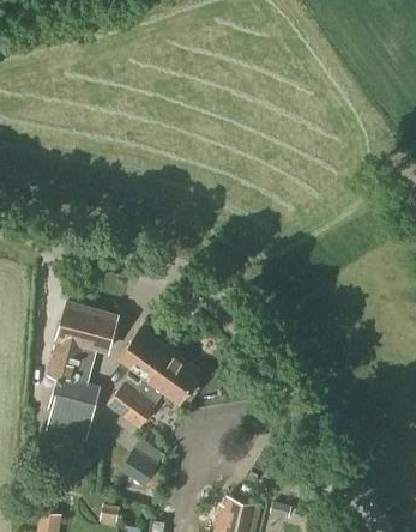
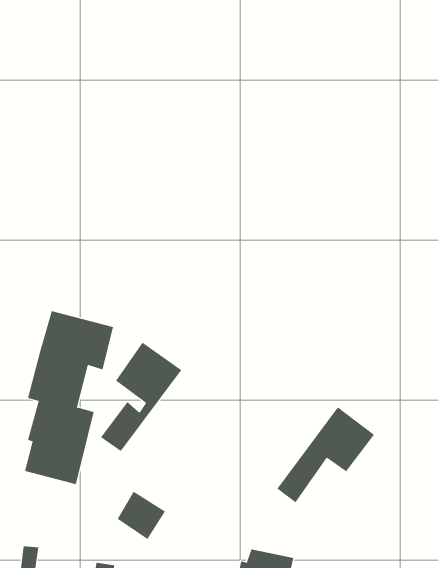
building: [122,351,201,429] -> [276,406,375,503]

